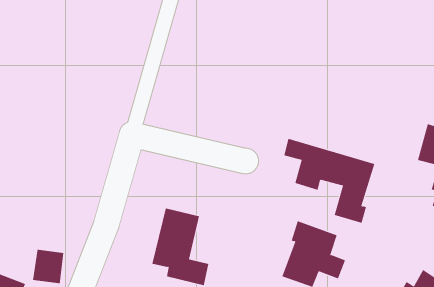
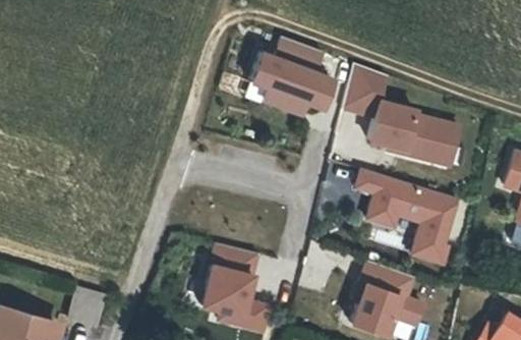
building: none -> [251,40,334,114]
building: none -> [347,66,464,162]

